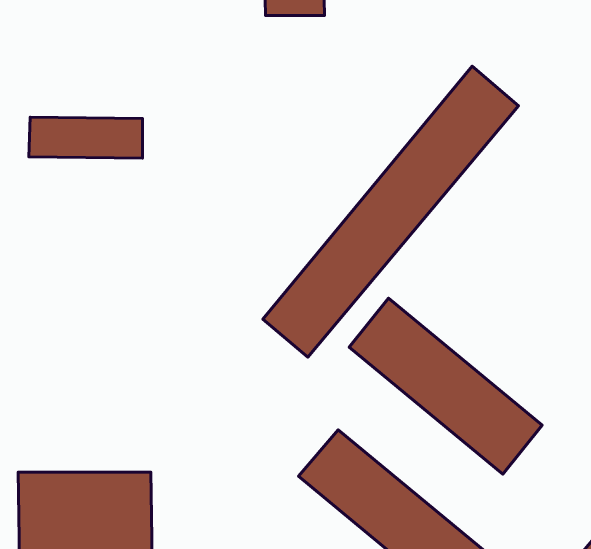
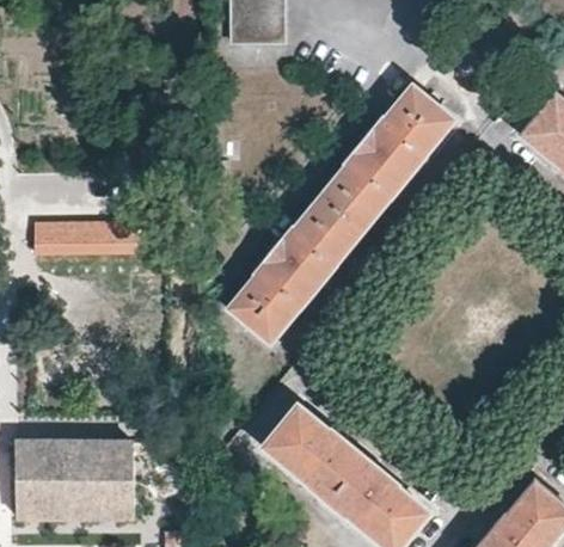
building: [29,117,142,158] -> [30,220,129,256]
building: [349,298,542,474] -> none

